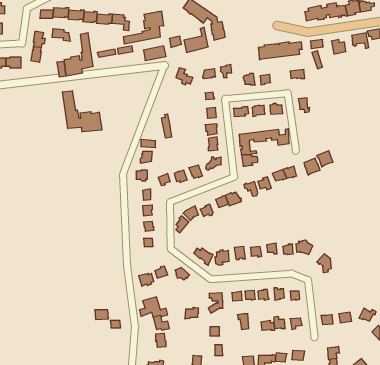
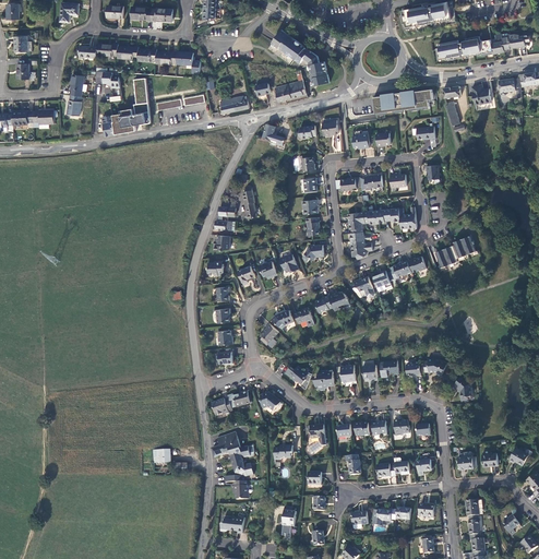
building: [124,11,164,44] -> none
building: [62,91,102,132] -> none

